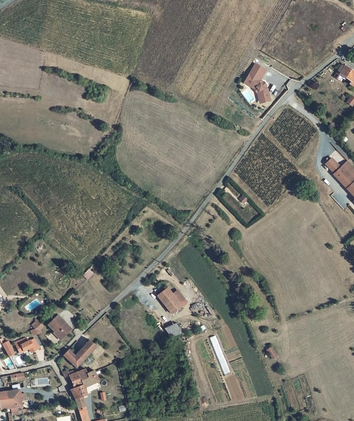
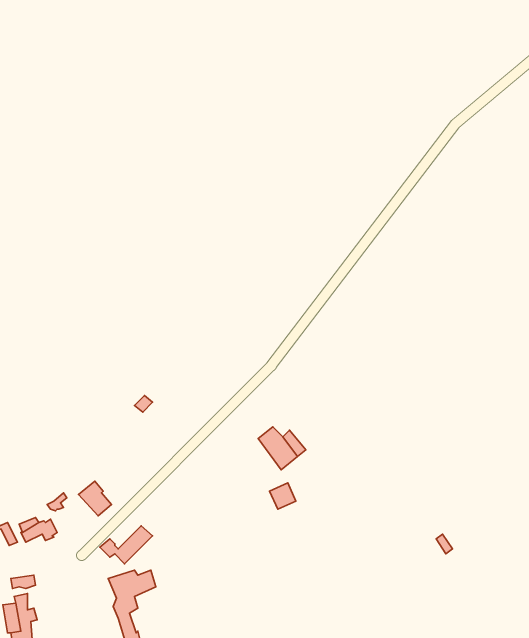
building: [245,62,270,101] -> none

